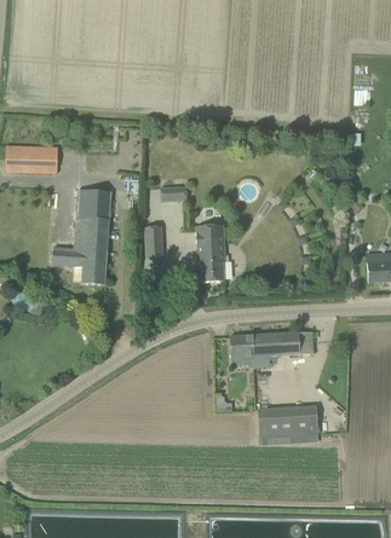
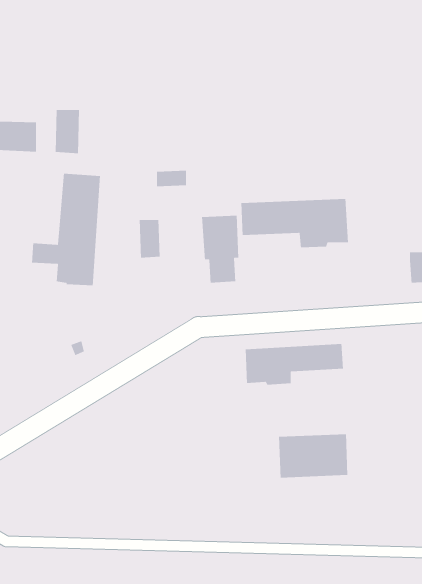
building: none -> [55,109,80,154]
building: none -> [240,198,349,248]

